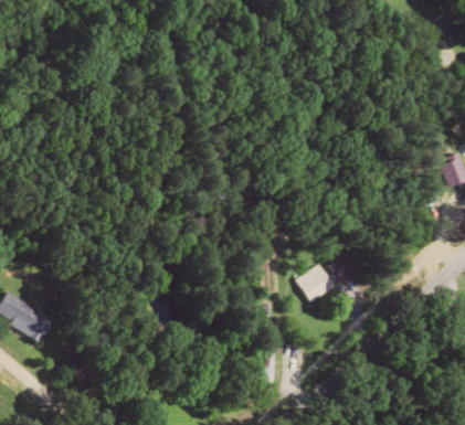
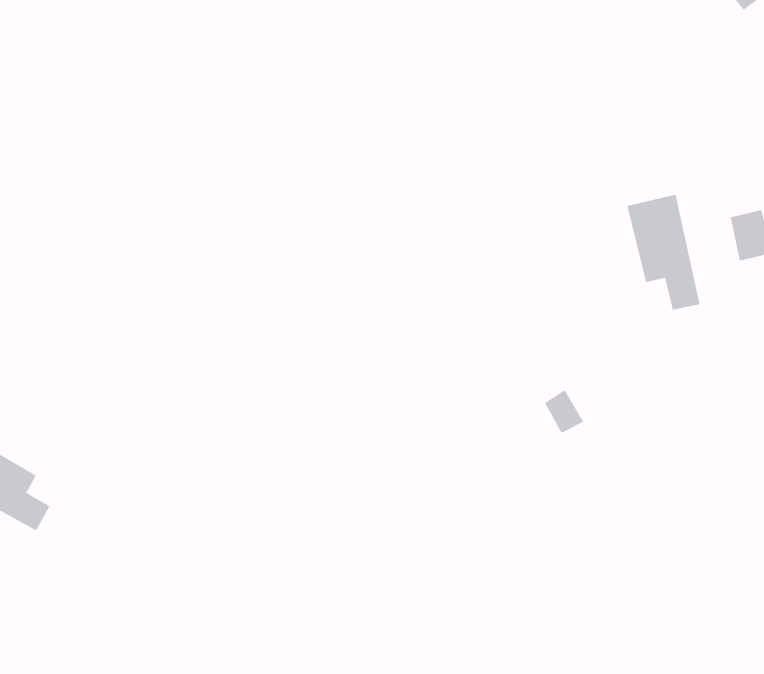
building: none -> [627,194,700,311]
building: [296,265,334,301] -> none

